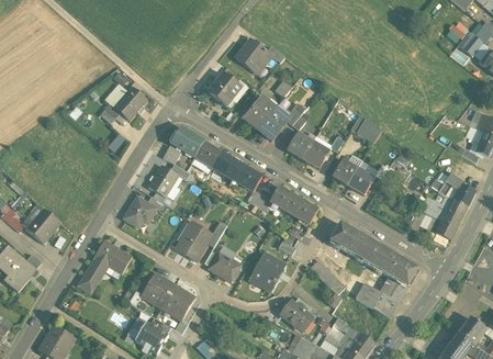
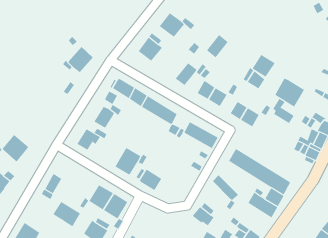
building: none -> [252,54,276,78]
building: [245,96,276,128] -> [206,34,229,58]
building: none -> [275,78,305,107]
building: [92,239,131,274] -> [53,201,81,227]
building: [250,253,285,290] -> none

